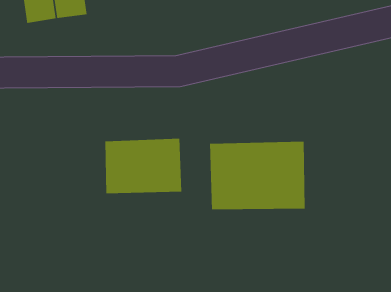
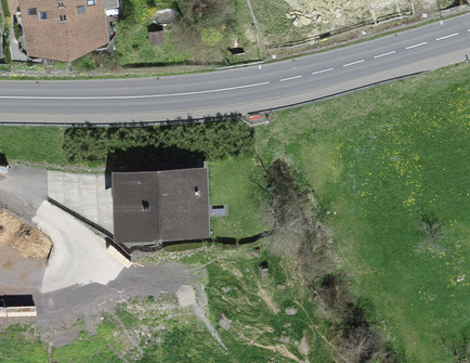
building: [209,141,305,210] -> none

